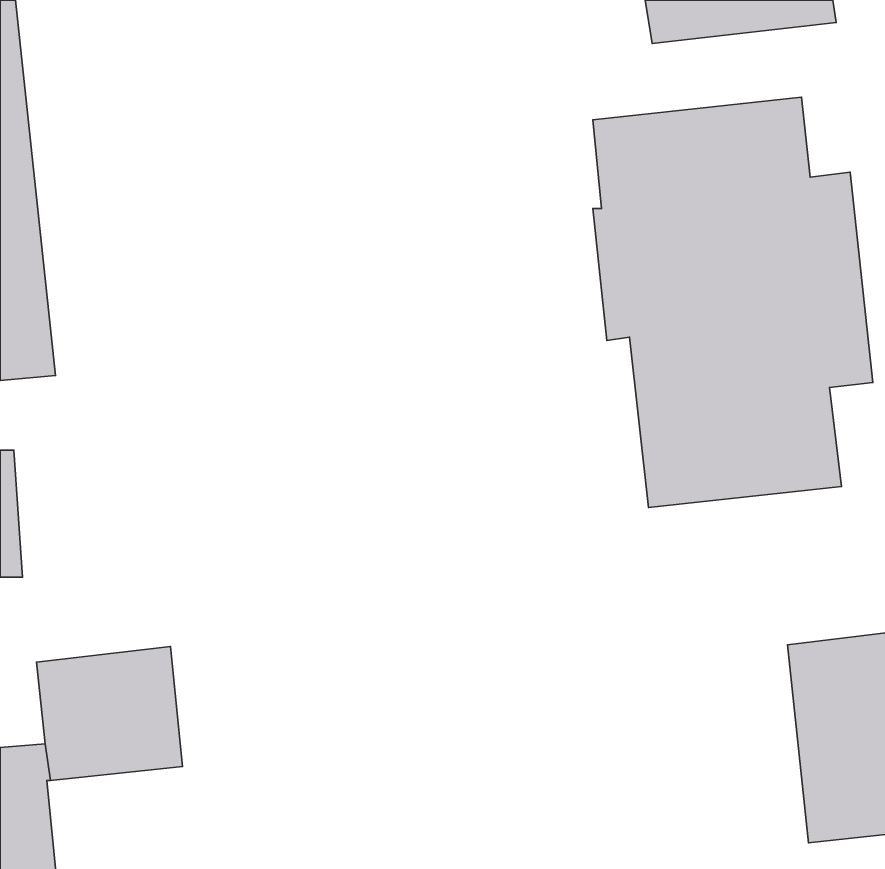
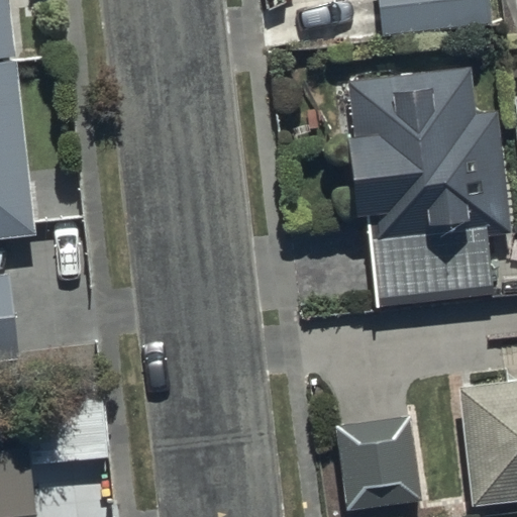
building: none -> [333,409,420,512]

